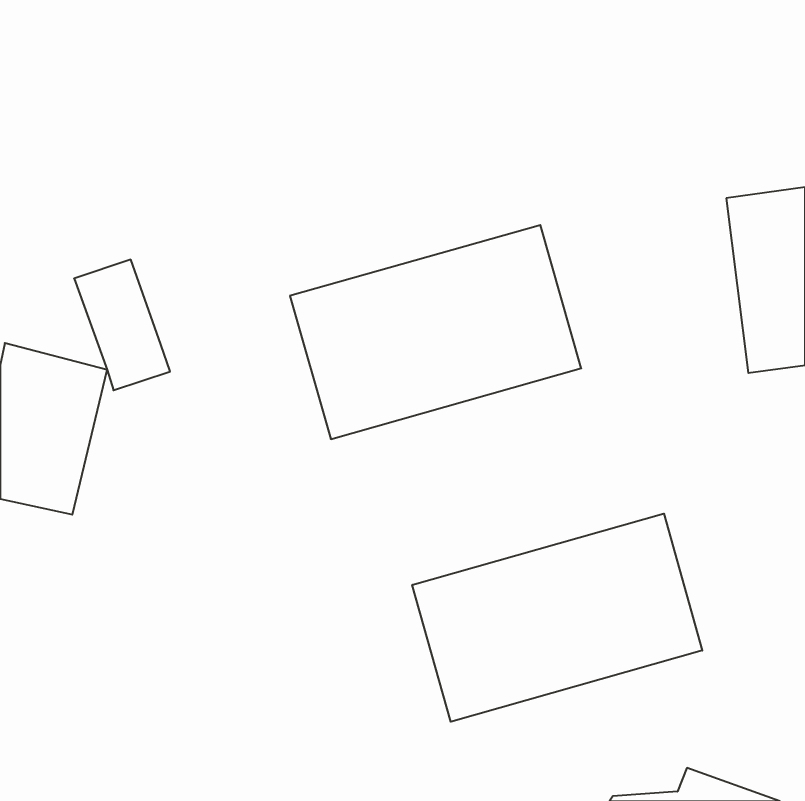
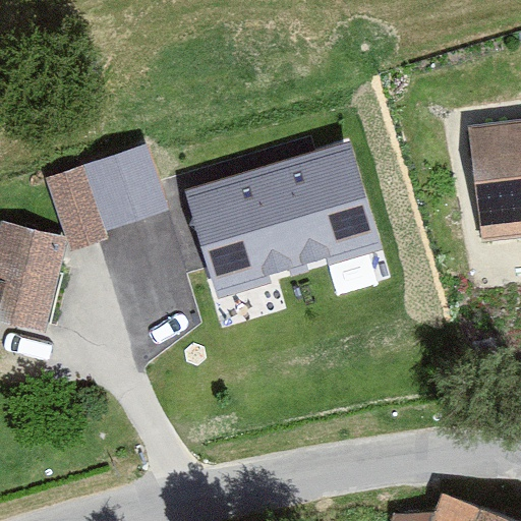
building: none -> [84,147,164,223]
building: [412,514,702,722] -> none

